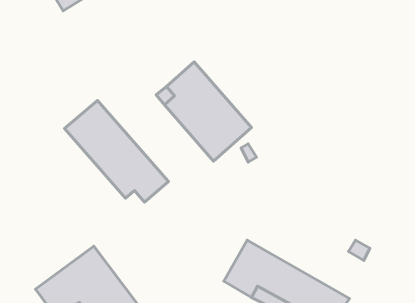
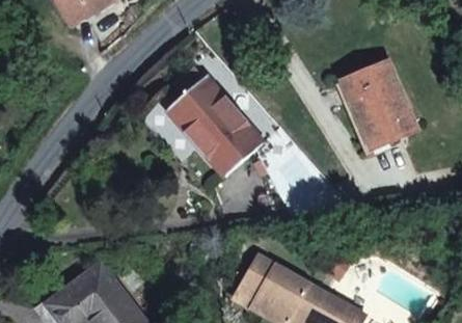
building: none -> [342,60,415,147]
building: [65,100,168,202] -> none

